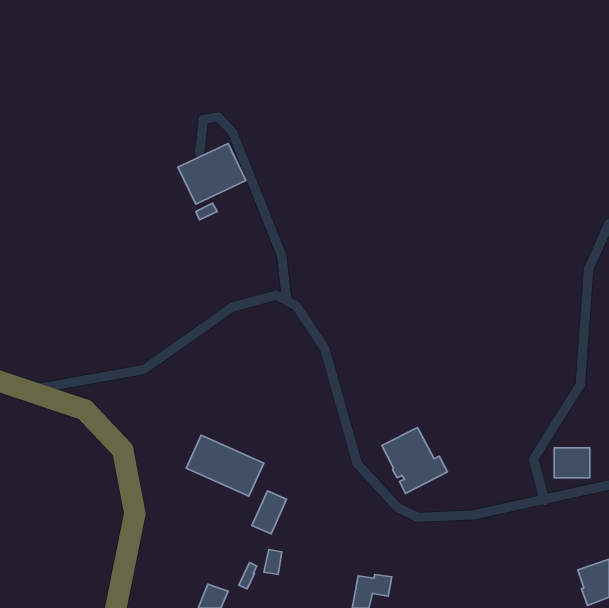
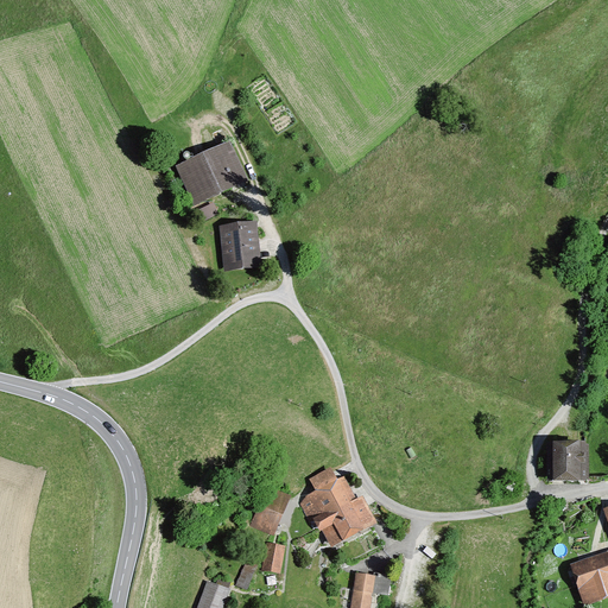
building: none -> [222,226,254,265]
building: [382,428,447,493] -> [306,476,372,542]
building: [186,435,264,496] -> none

